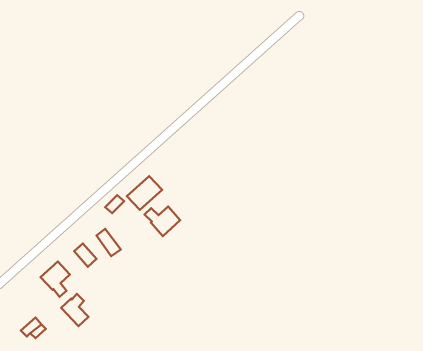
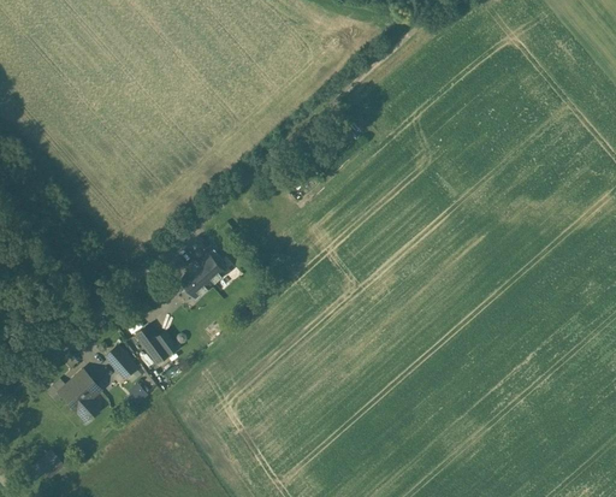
building: [144,206,180,236] -> none
building: [61,294,89,326] -> none

